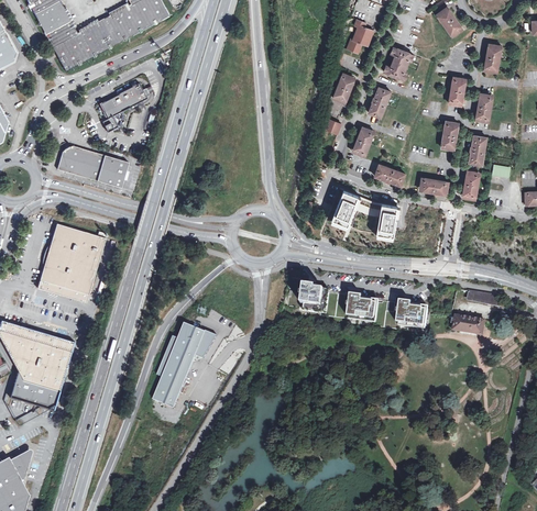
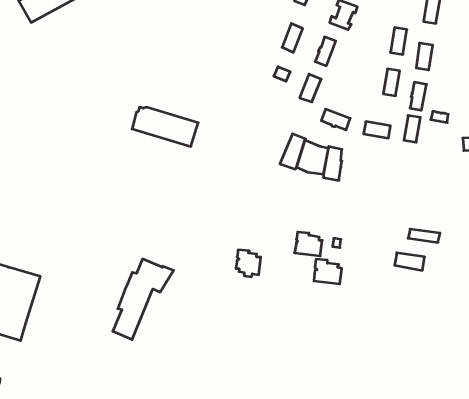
building: [99,82,149,119] -> none
building: [58,145,129,187] -> [132,107,198,146]
building: [36,222,106,302] -> none
building: [300,284,327,312] -> [236,250,261,277]
building: [396,299,426,325] -> [314,259,342,284]

